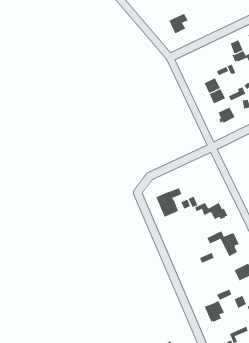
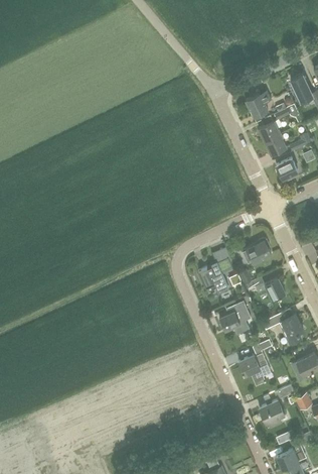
building: [168,13,189,34] -> [246,91,271,117]
building: none -> [246,236,271,262]
building: none -> [219,301,251,334]
building: none -> [238,352,270,377]

